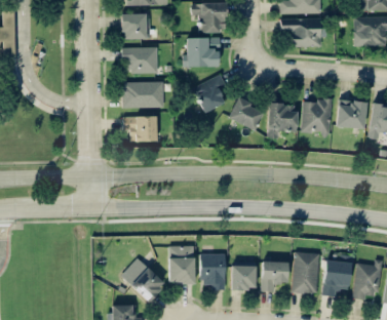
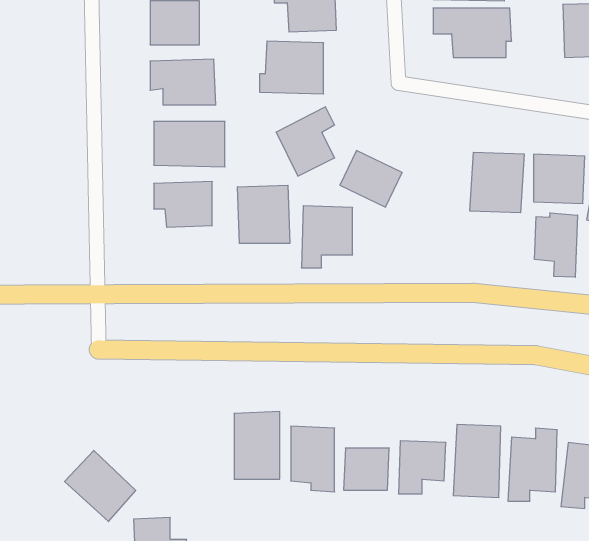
building: [267,104,296,138] -> [301,206,353,268]
building: none -> [238,185,290,243]
building: none -> [535,213,578,277]
building: [124,262,164,302] -> [65,450,136,522]

